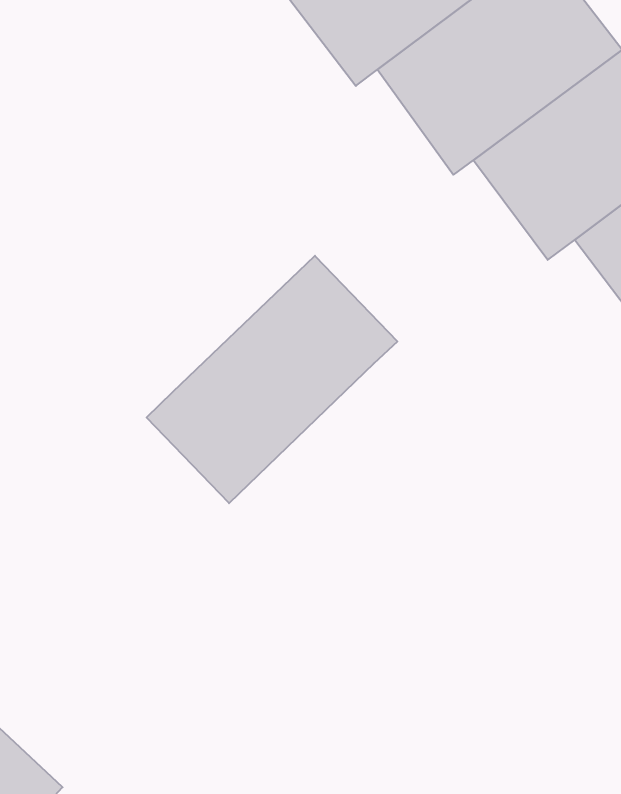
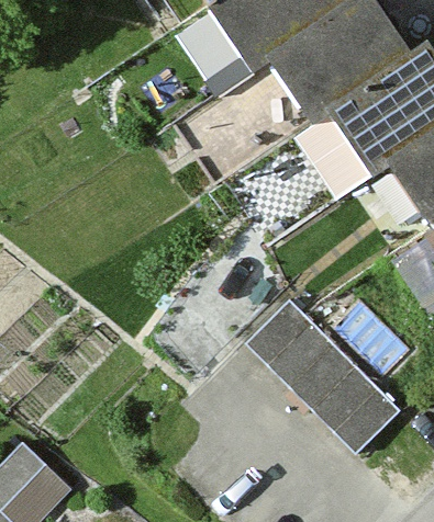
building: [147,256,397,503] -> none
building: none -> [248,295,400,449]

